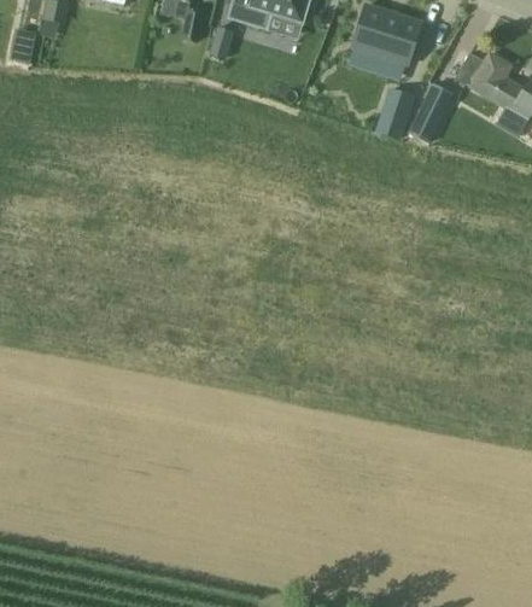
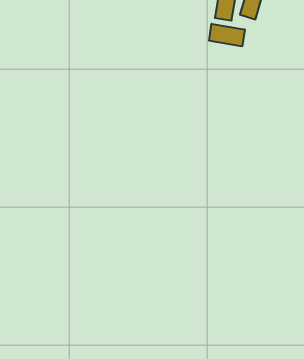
building: none -> [209,24,245,46]

